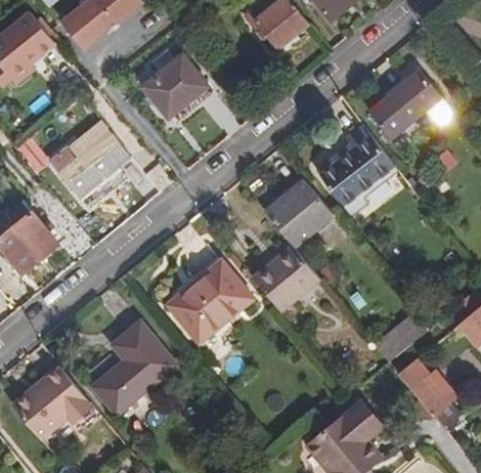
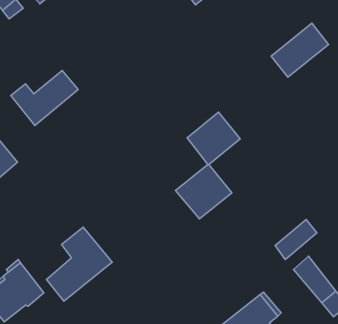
building: [143,51,208,115] -> none
building: [316,125,396,216] -> none
building: [170,261,252,344] -> none

